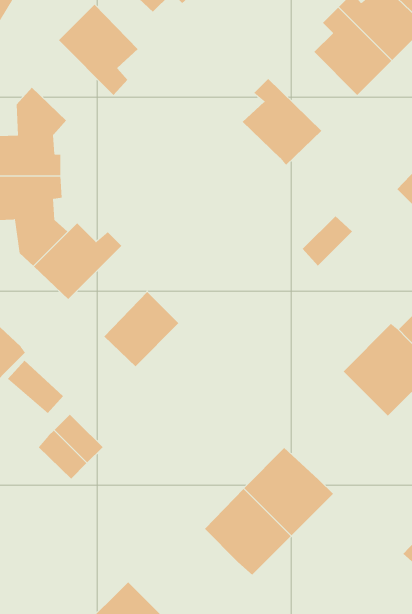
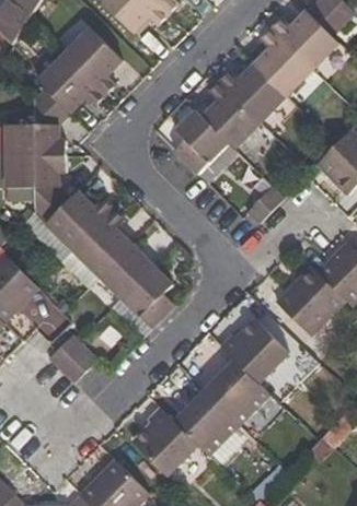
building: none -> [36,54,104,114]
building: none -> [220,62,287,121]
building: none -> [173,110,229,173]
building: none -> [70,208,129,275]
building: none -> [120,266,173,328]
building: none -> [220,317,289,383]
building: none -> [131,407,197,475]

